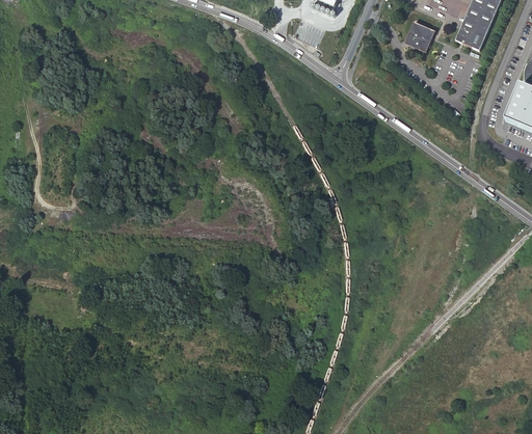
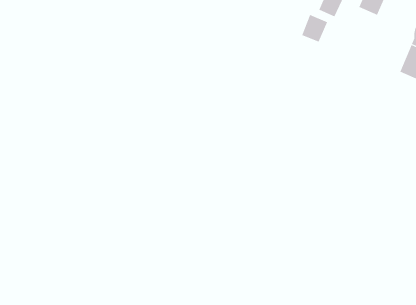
building: none -> [302,14,328,43]

